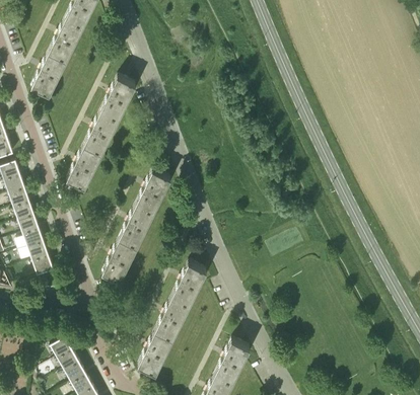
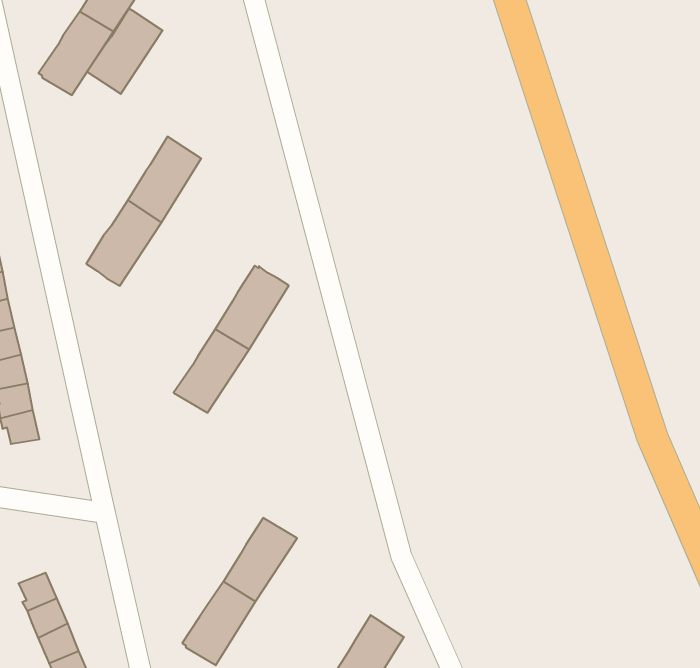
building: [100,77,136,121] -> [87,8,163,94]
building: [102,240,137,283] -> none
building: [171,263,207,306] -> none

